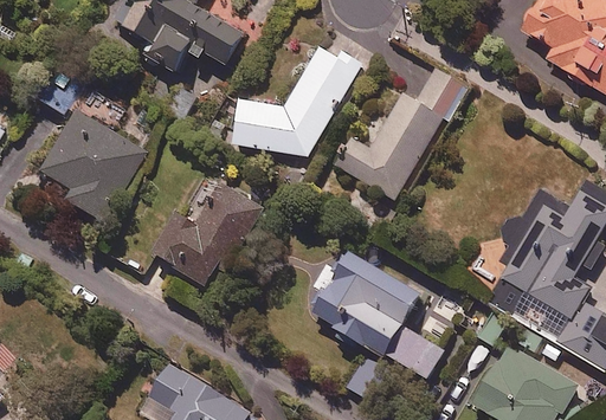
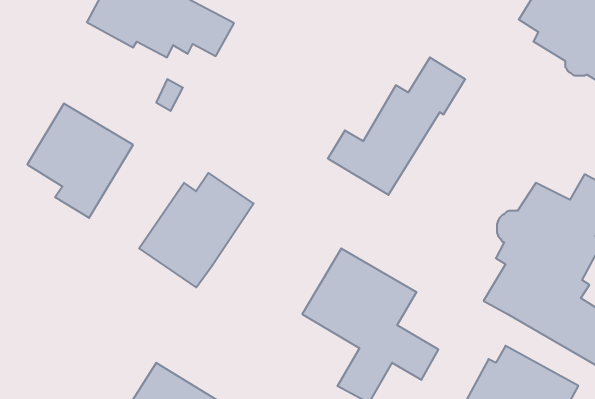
building: [231,46,365,155] -> none

